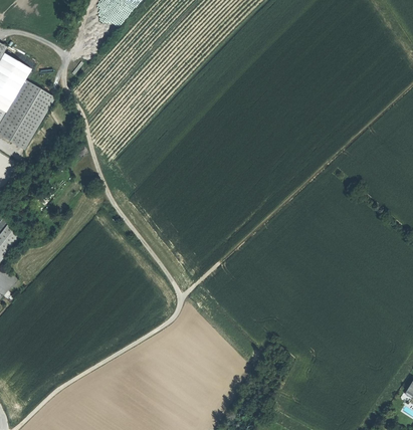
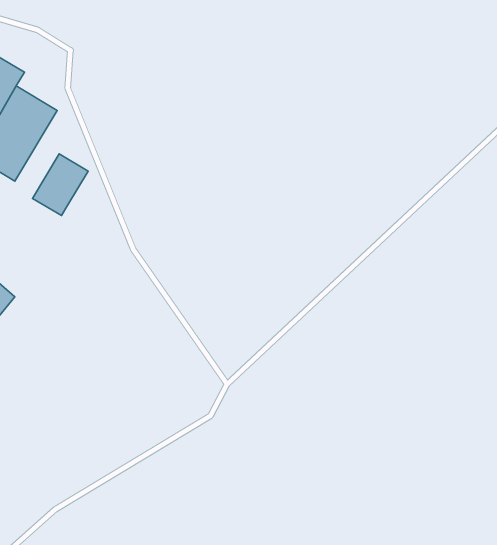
building: none -> [33,154,88,215]

